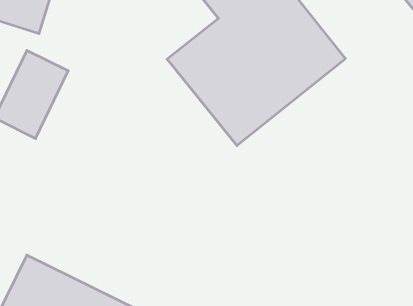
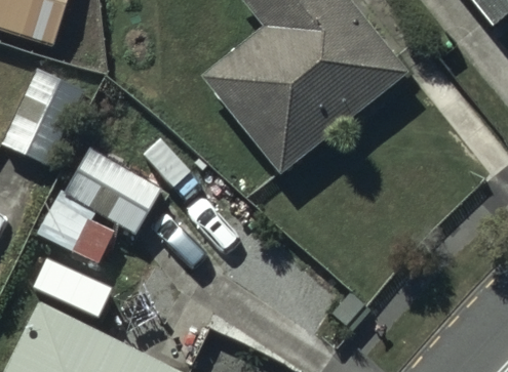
building: none -> [42,146,159,263]

